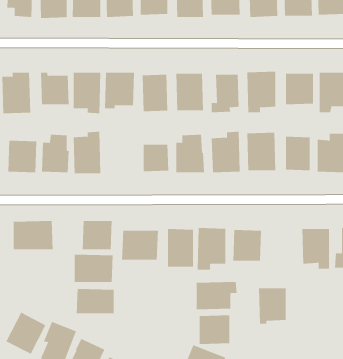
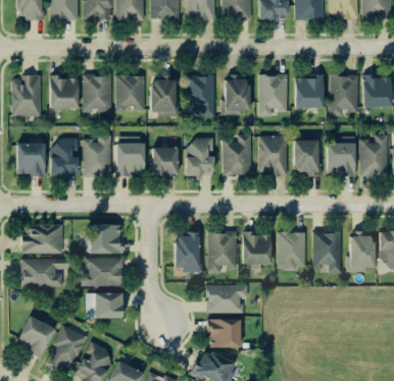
building: none -> [116,137,144,174]
building: [121,230,159,260] -> none
building: none -> [20,259,65,288]
building: [258,288,287,324] -> [276,232,304,269]

